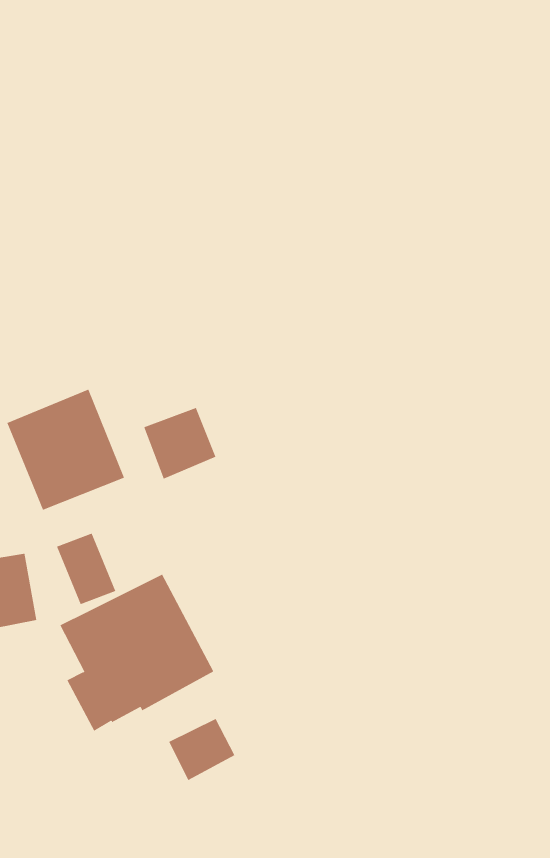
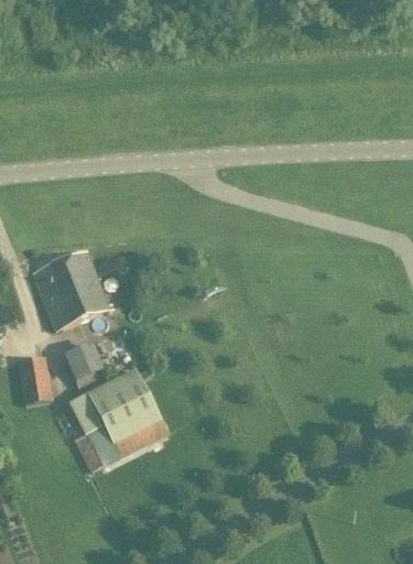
building: [143,407,216,480] -> none
building: [169,718,235,781] -> none

